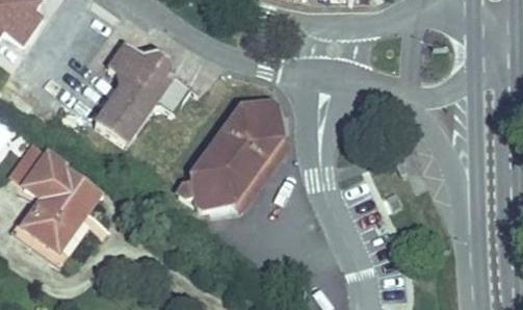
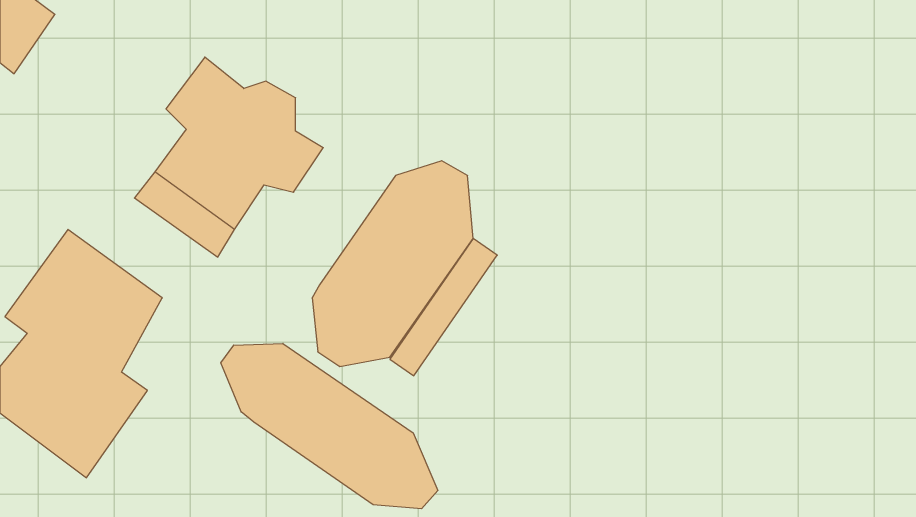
building: none -> [221,343,438,509]

